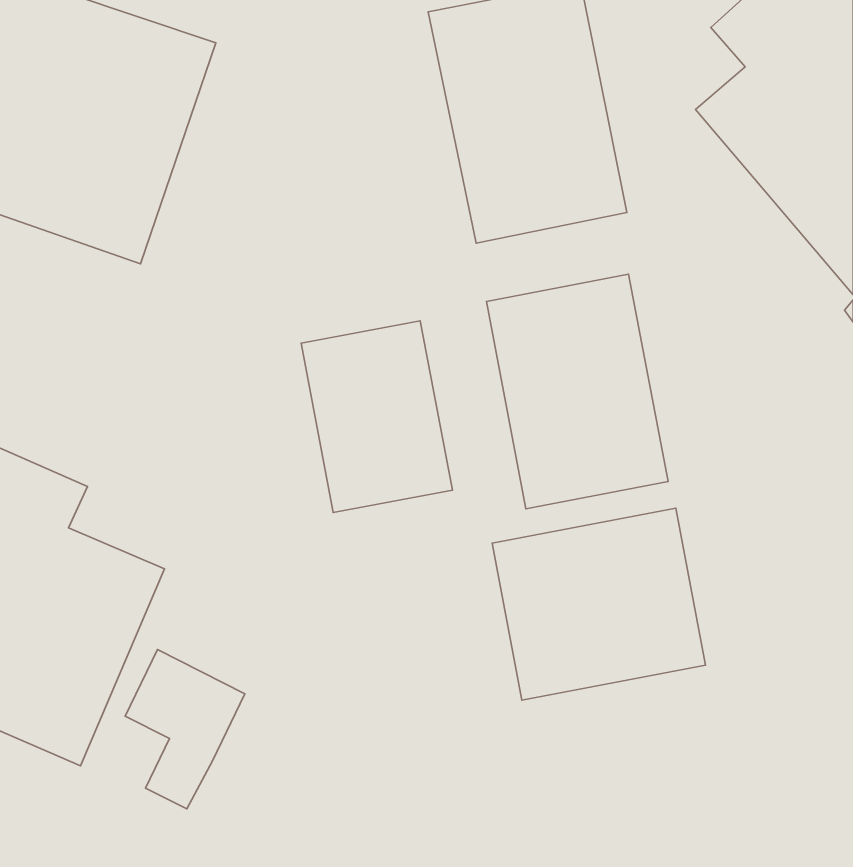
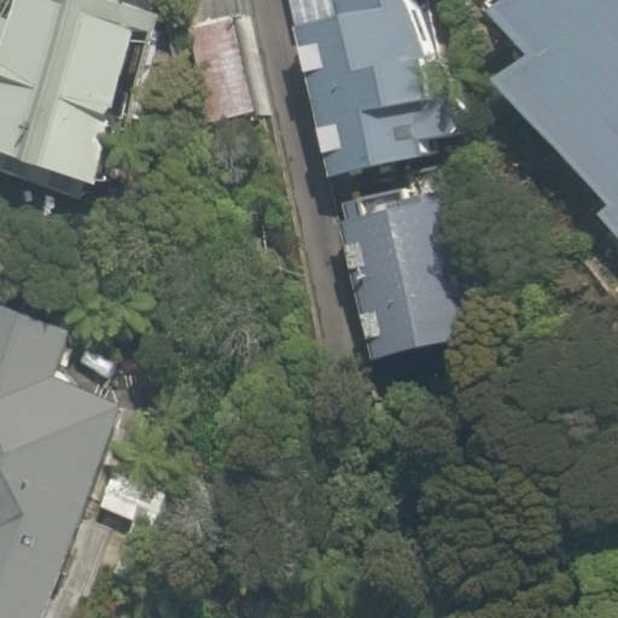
building: [301,321,452,513] -> none
building: [492,508,705,700] -> none

